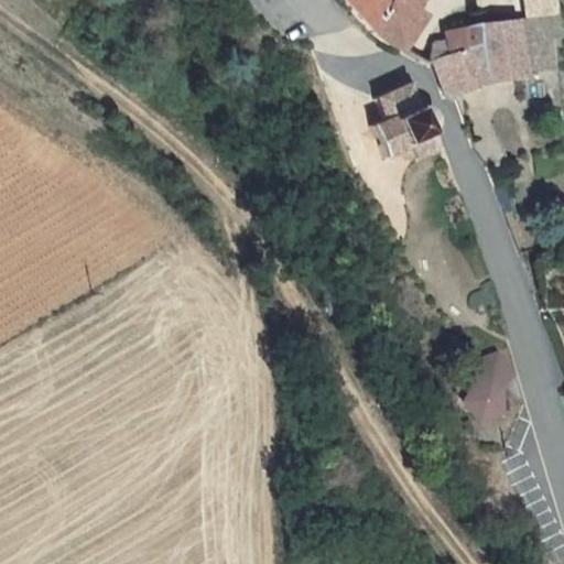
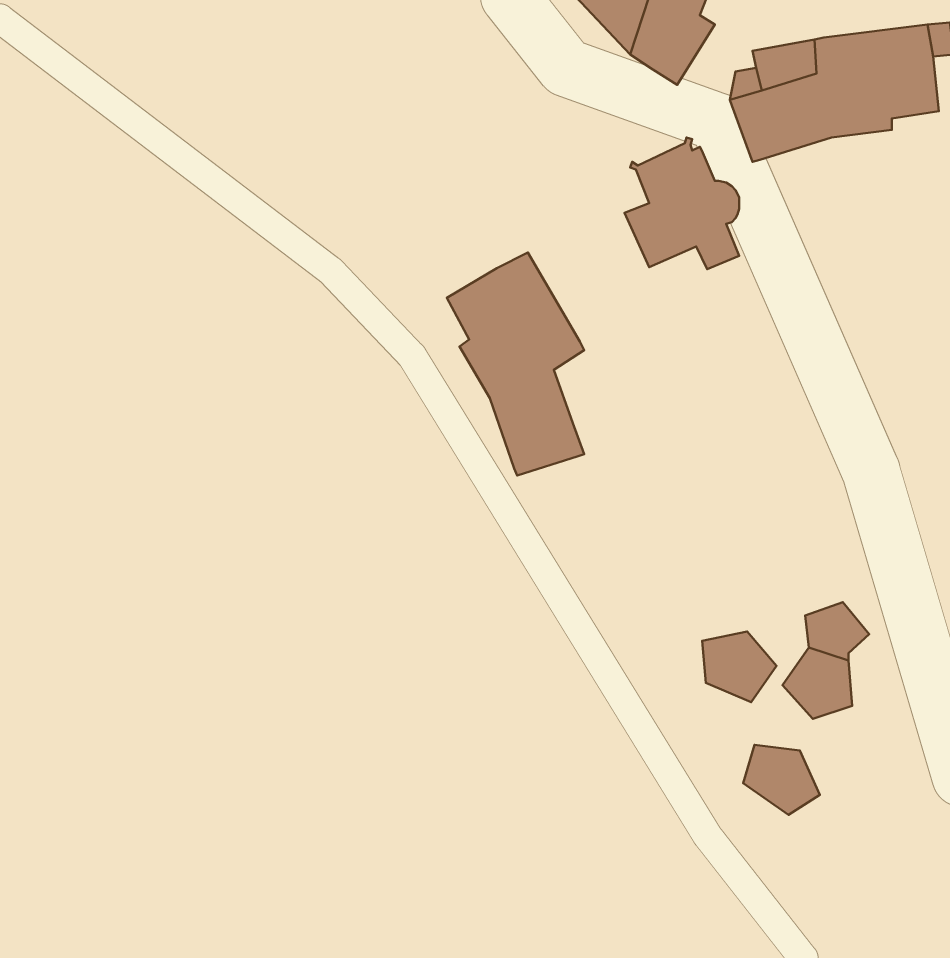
building: none -> [447,252,584,475]
building: none -> [702,632,776,702]
building: none -> [743,745,820,815]

